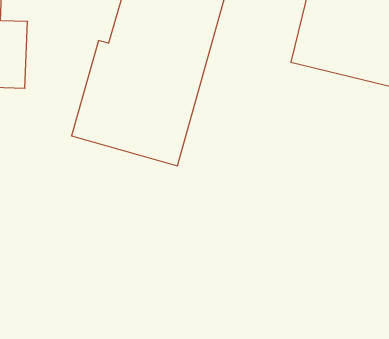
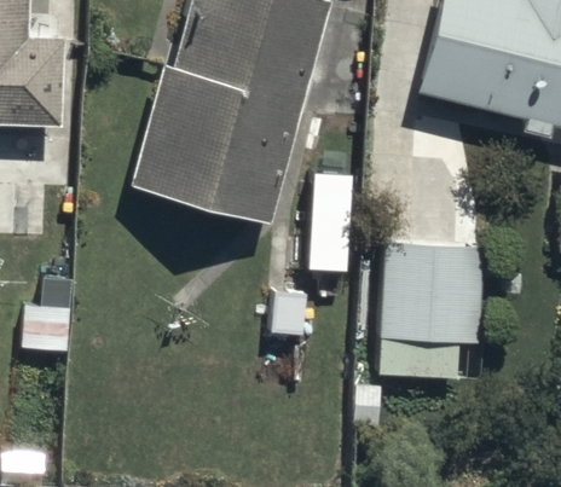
building: none -> [375,233,479,371]

